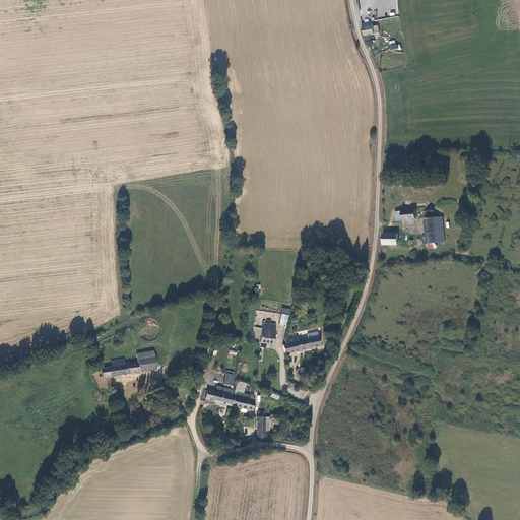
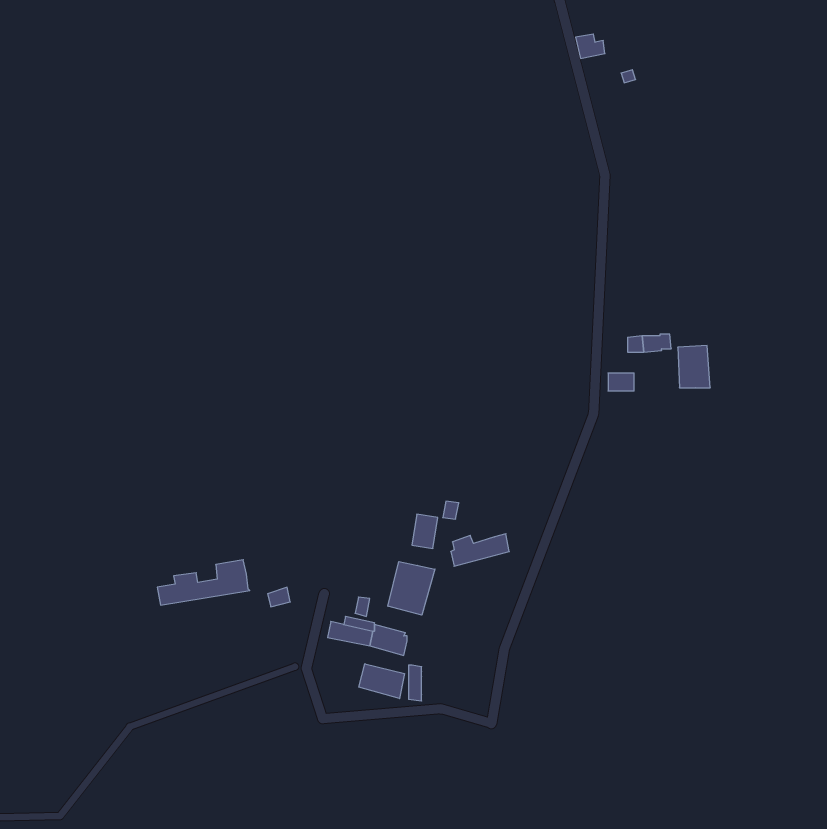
building: none -> [388,562,435,615]
building: none -> [359,664,404,699]

